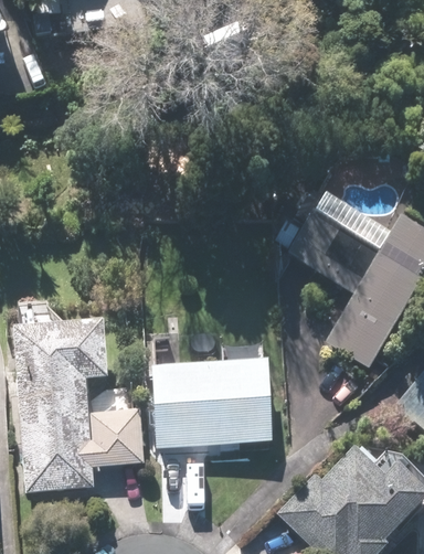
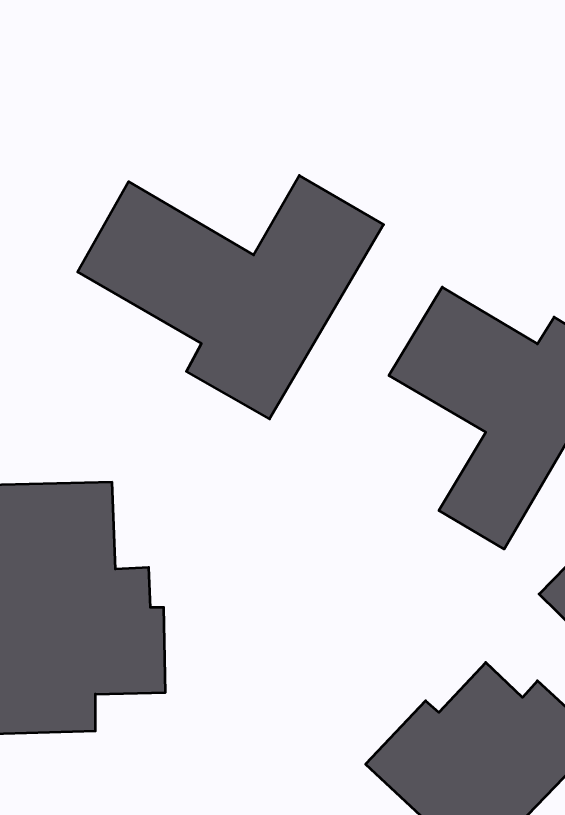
building: none -> [78,175,384,419]
building: [152,364,274,445] -> none

